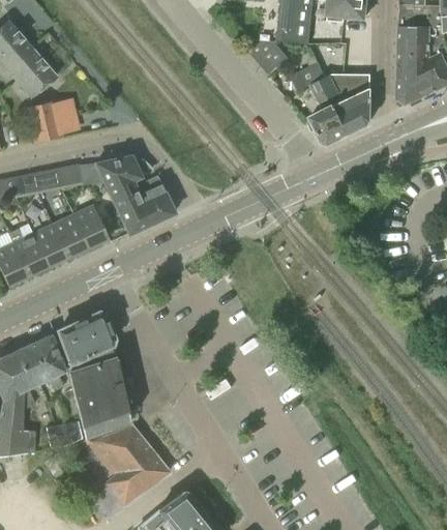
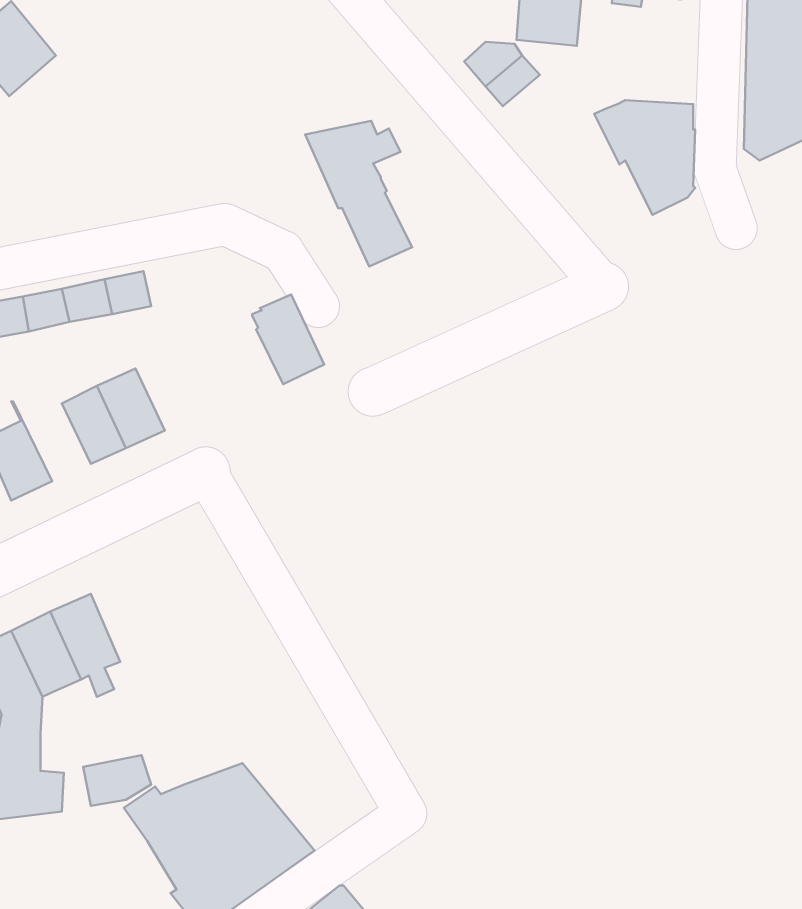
building: [7,49,57,98] -> none
building: [291,62,350,144] -> none
building: [28,100,66,143] -> none
building: [96,156,153,234] -> [305,121,412,267]
building: [75,206,110,248] -> none
building: [9,229,51,275] -> none
building: [57,313,115,363] -> none
building: [68,357,130,442] -> none

